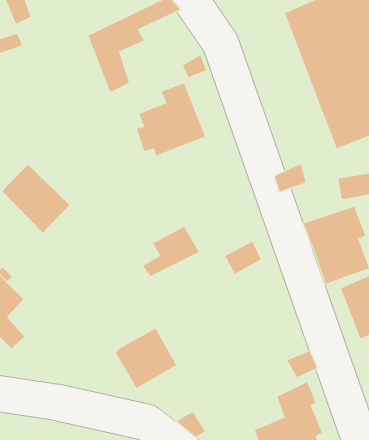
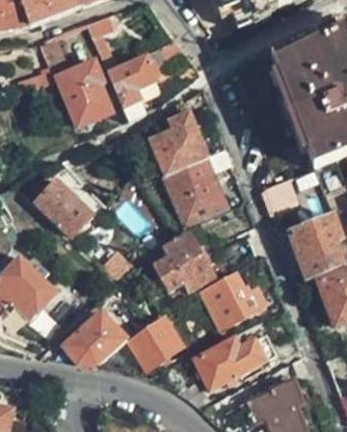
building: none -> [56,58,109,125]
building: none -> [164,150,229,222]
building: none -> [159,253,212,292]
building: none -> [202,269,266,328]
building: none -> [62,313,126,363]
building: none -> [193,334,274,388]

